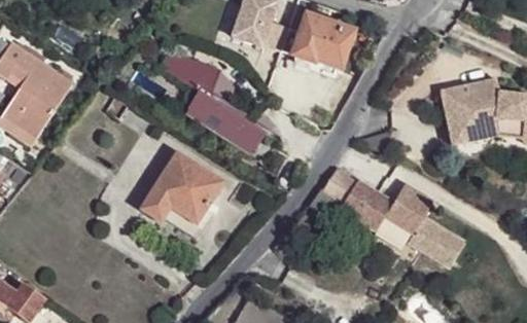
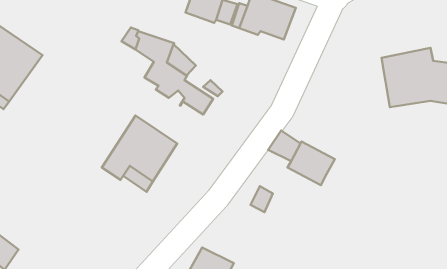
building: [386,180,468,263] -> none

